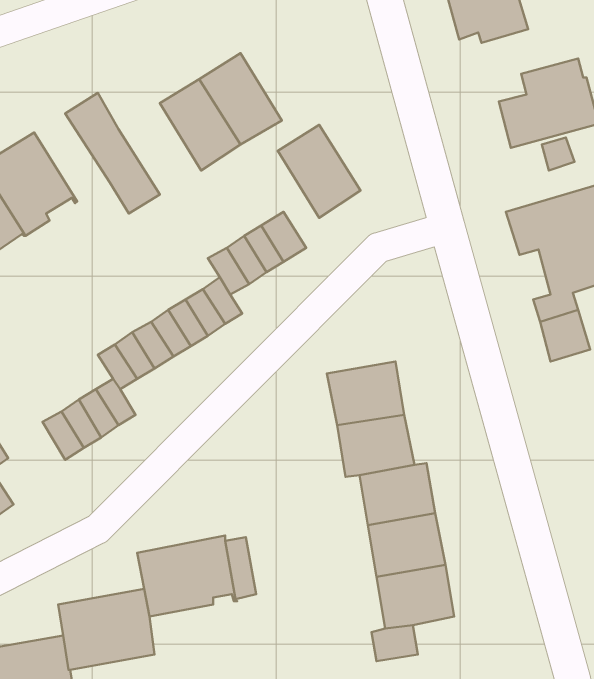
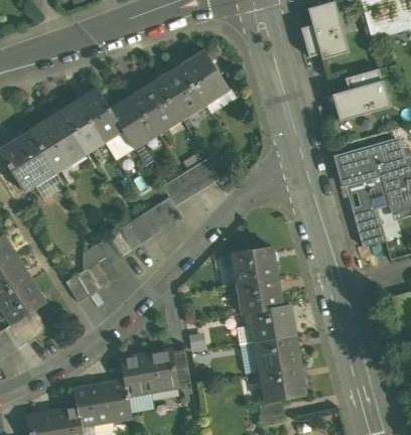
building: none -> [109,95,157,148]
building: none -> [59,101,104,152]
building: [278,125,361,218] -> [180,50,229,105]

